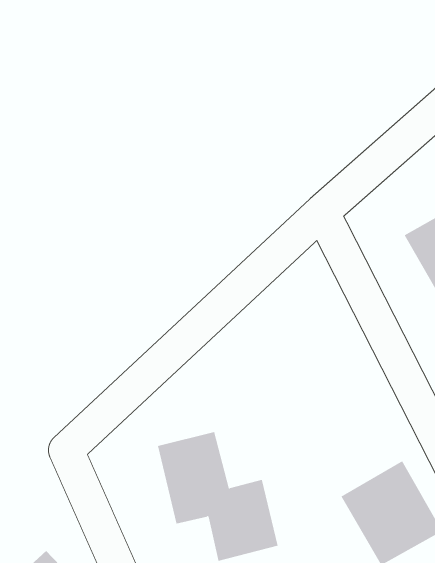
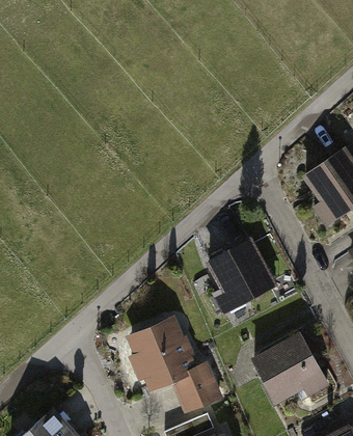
building: none -> [208,239,280,310]

